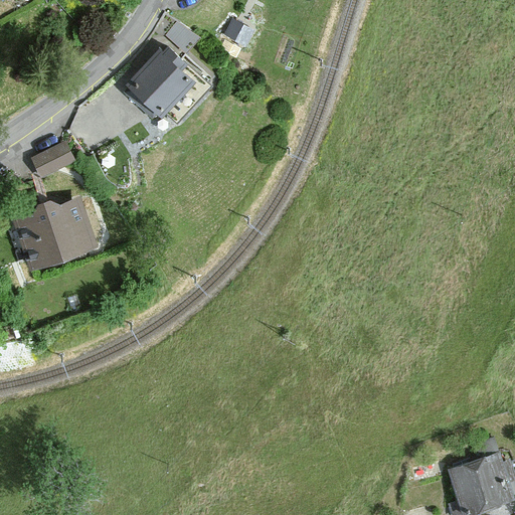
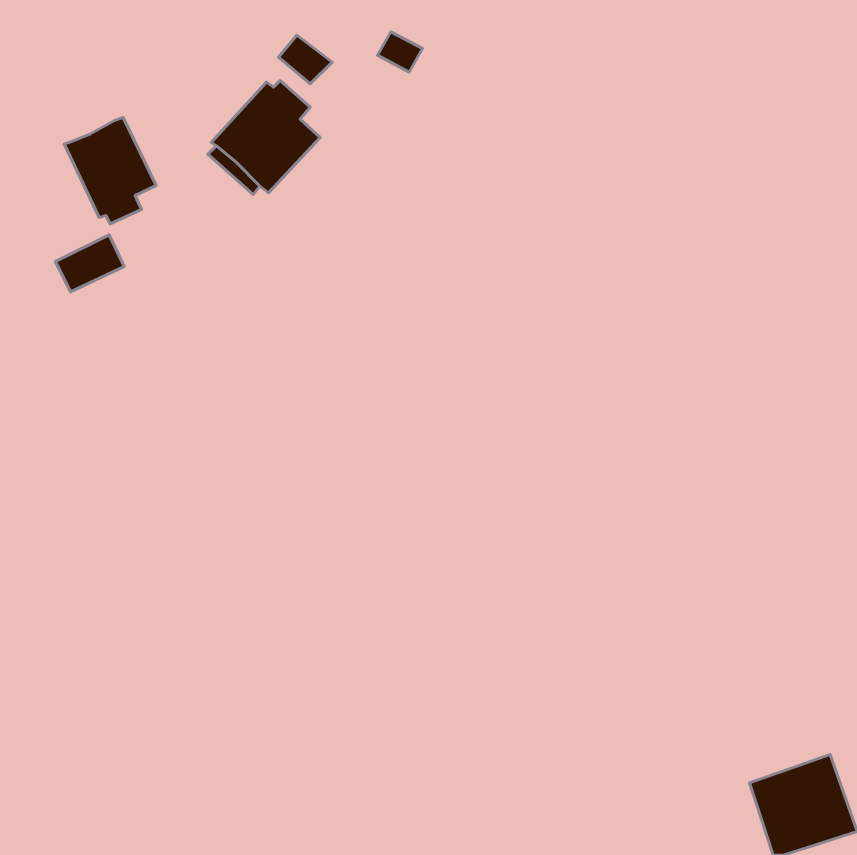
building: none -> [64,117,156,224]
building: [18,198,98,269] -> none

